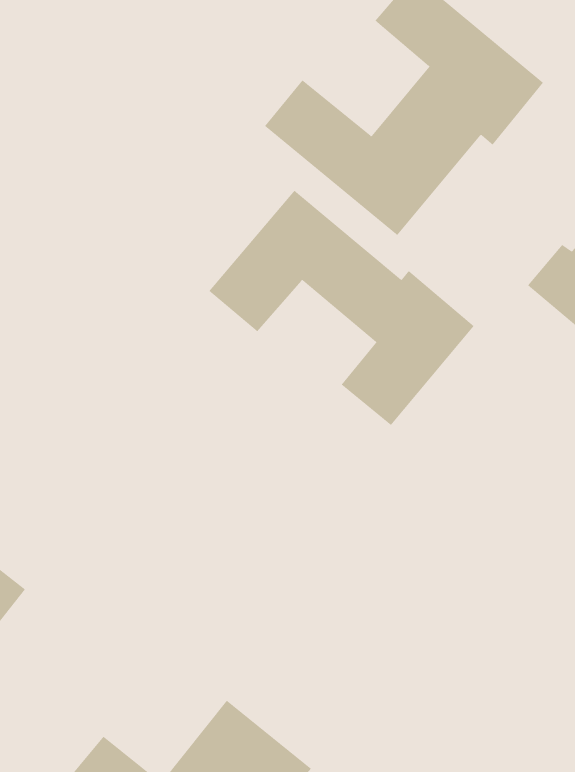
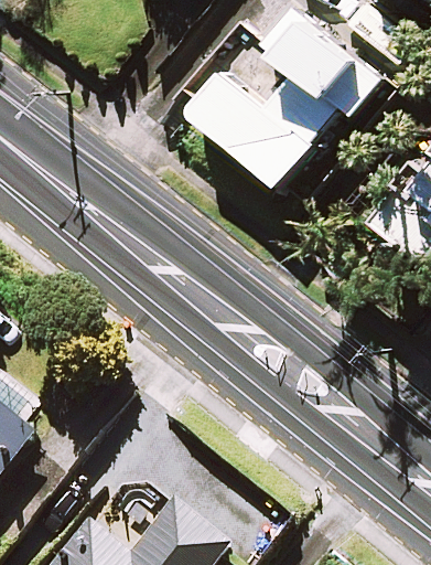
building: [209,190,474,426] -> none

